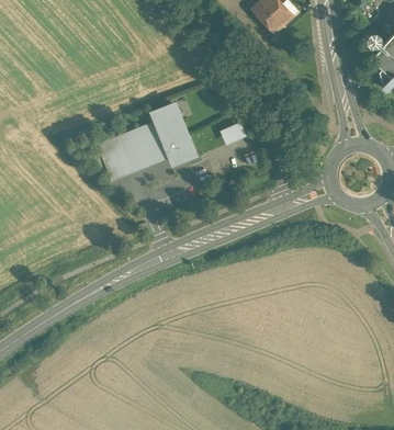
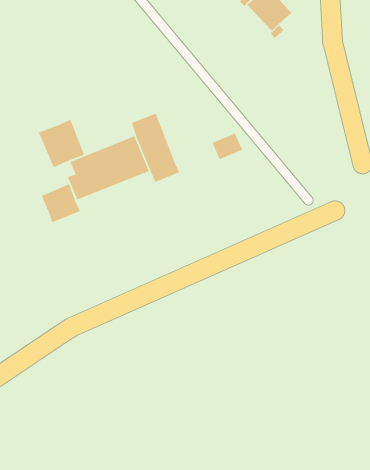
building: none -> [38,119,85,168]
building: none -> [41,183,81,223]

